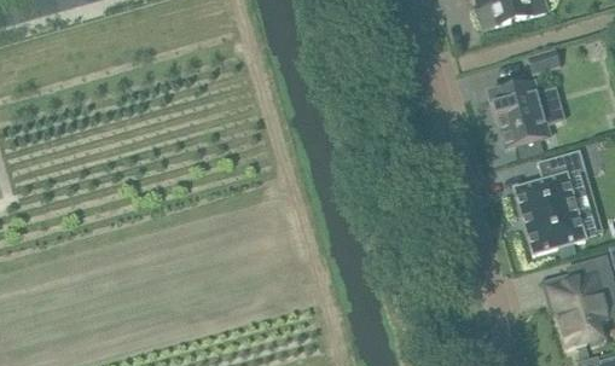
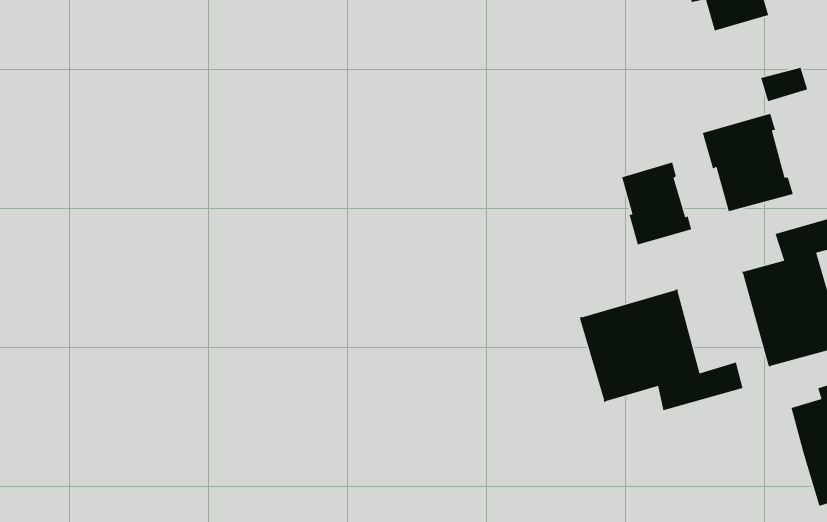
building: none -> [621,161,692,245]
building: none -> [579,288,744,411]

